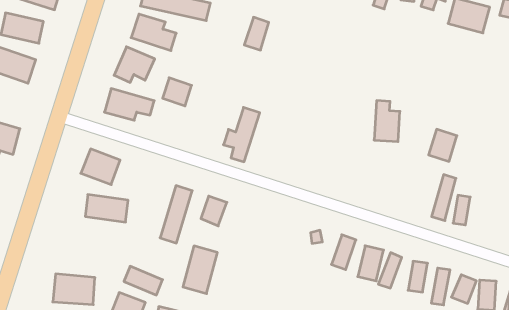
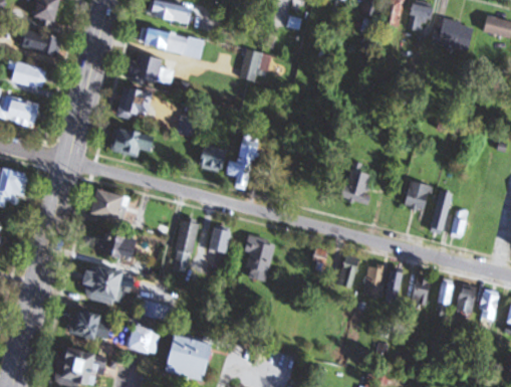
building: [163,78,192,106] -> [198,145,225,171]
building: [374,101,400,142] -> [346,164,369,202]
building: [429,129,457,161] -> [405,181,431,211]
building: none -> [82,263,125,304]
building: [183,246,217,294] -> [243,235,274,280]

